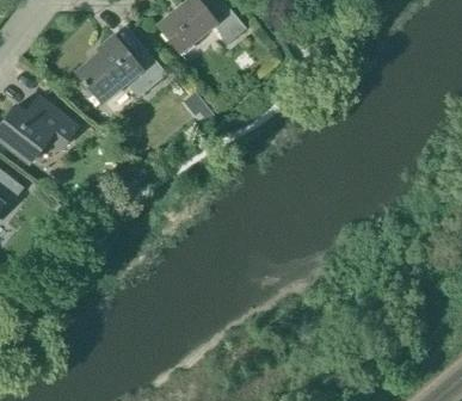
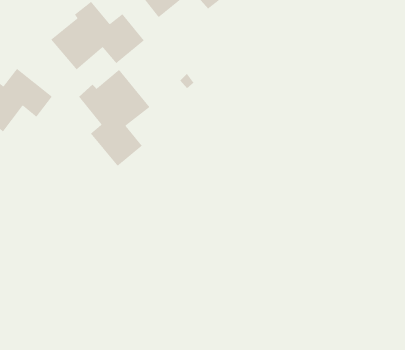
building: none -> [78,69,150,167]

